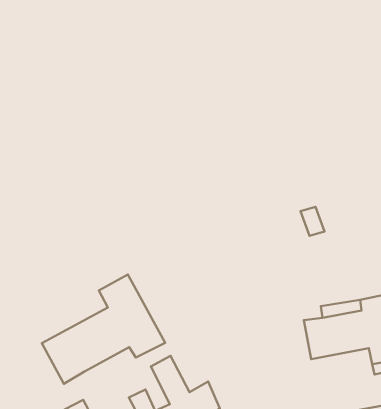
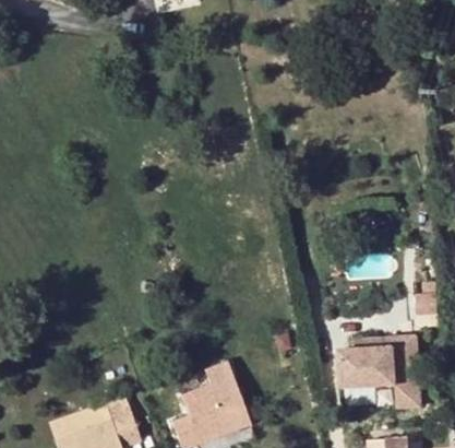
building: [42,275,165,384] -> none

